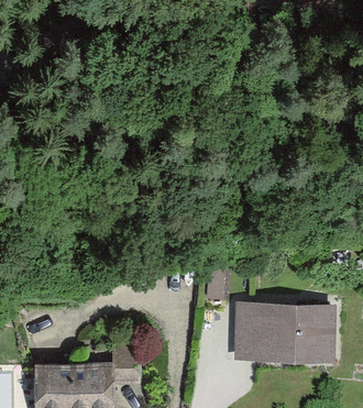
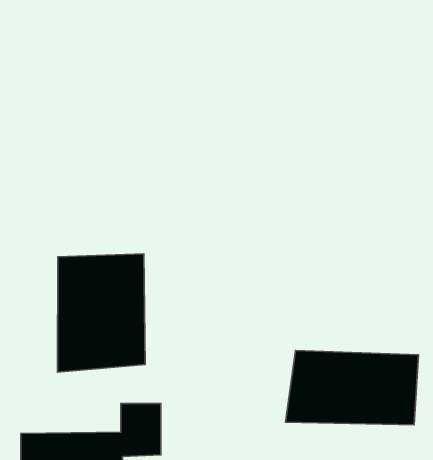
building: none -> [57,254,145,372]

